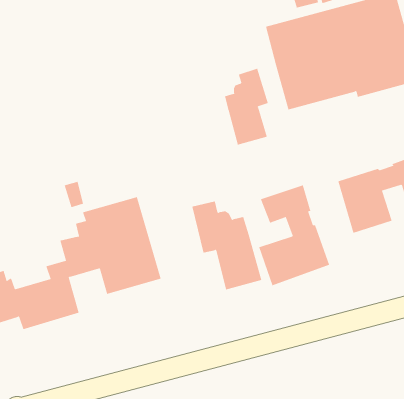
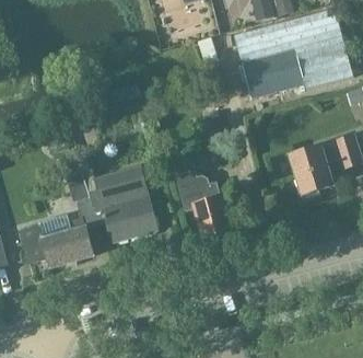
building: [225,68,269,146] -> none
building: [259,184,330,286] -> none

